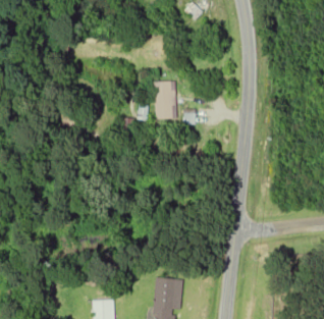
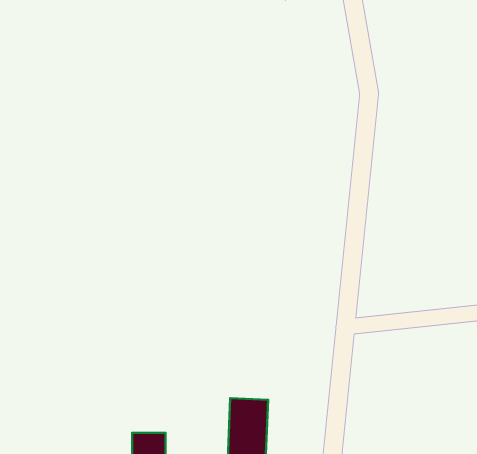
building: [153,81,173,118] -> none

